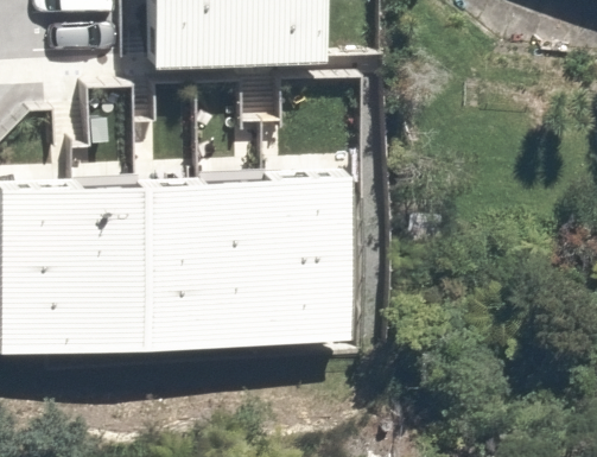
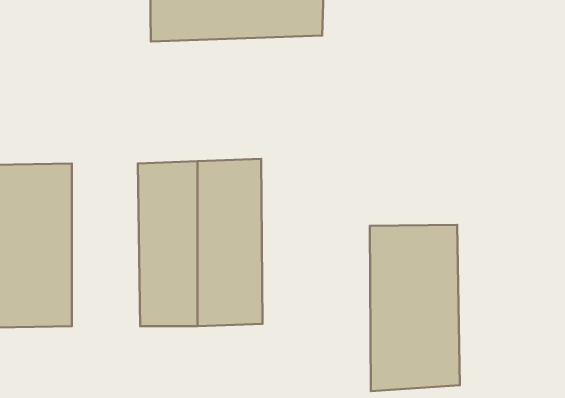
building: [266,182,355,347] -> [370,225,460,391]
building: [78,188,146,349] -> none

